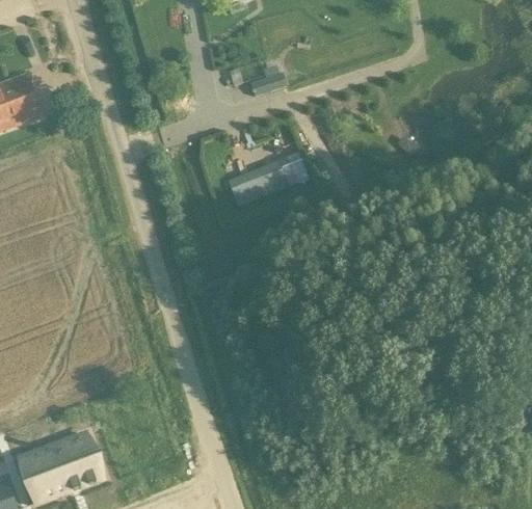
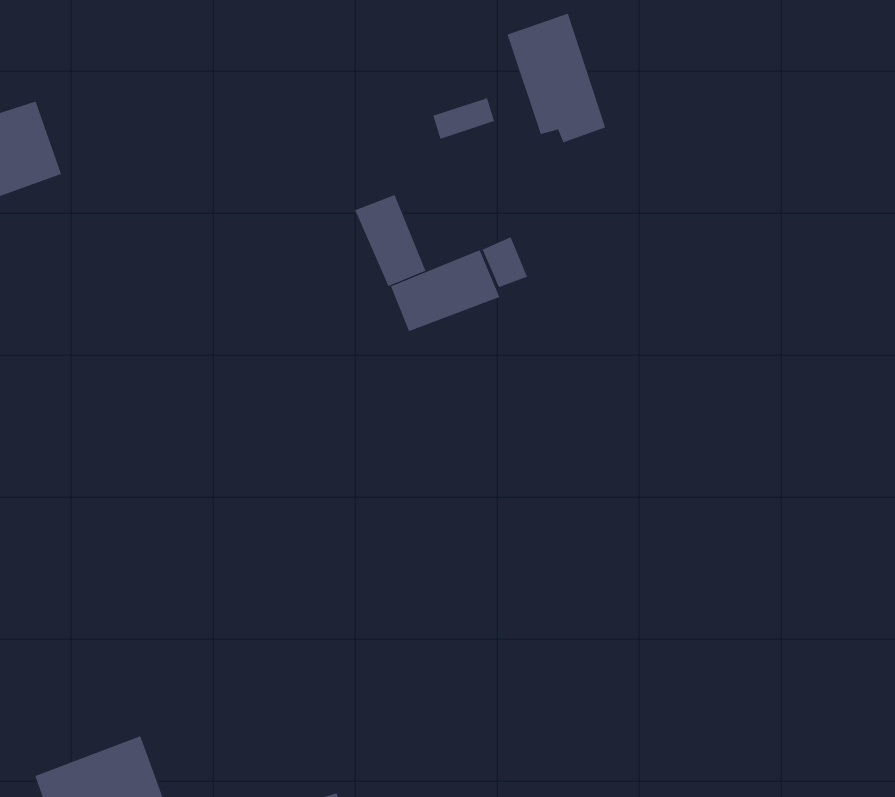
building: none -> [507,13,606,143]
building: none -> [355,194,426,287]

